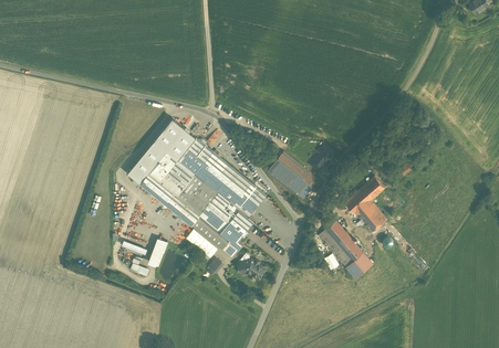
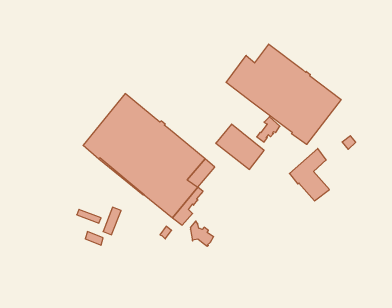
building: none -> [226,44,341,144]
building: [316,219,371,276] -> none

